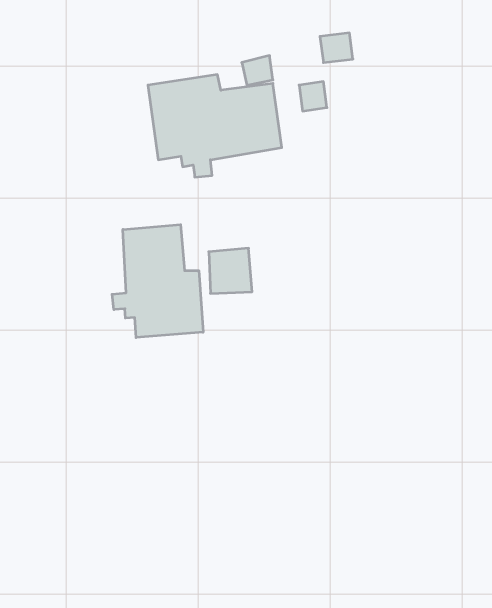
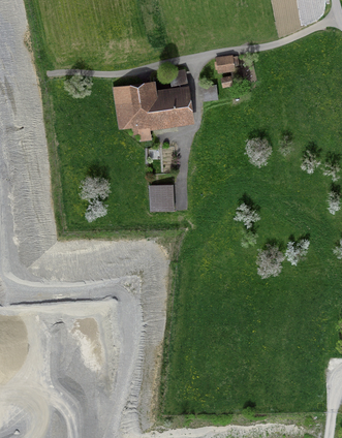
building: [112,225,203,338] -> none

